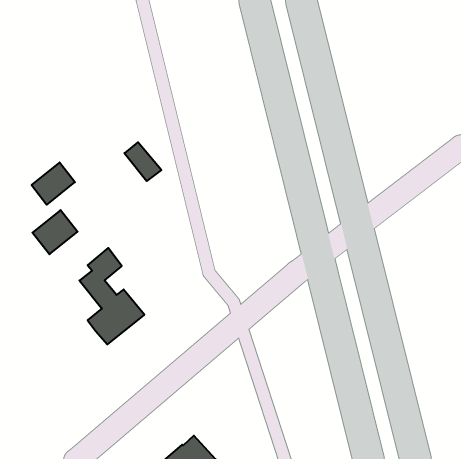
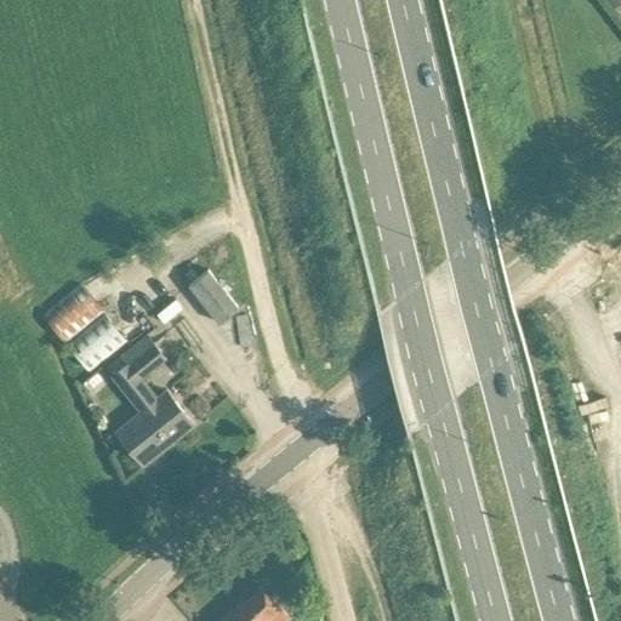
building: [124,142,161,181] -> [189,272,239,324]
building: [32,162,75,205] -> [68,315,126,372]

